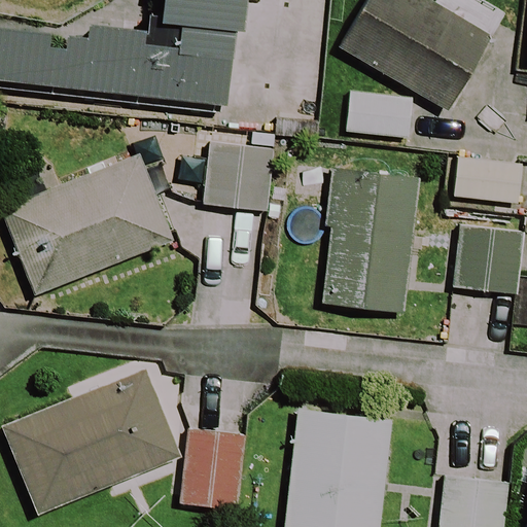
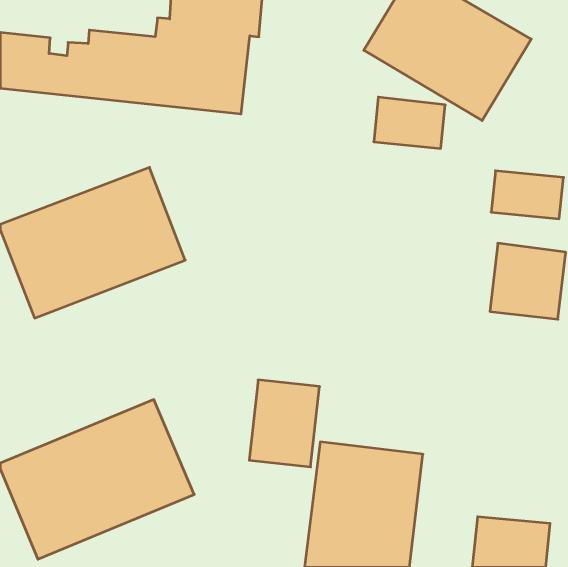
building: [203,141,276,211] -> none
building: [322,168,420,314] -> none
building: [179,428,244,508] -> [249,380,320,467]

